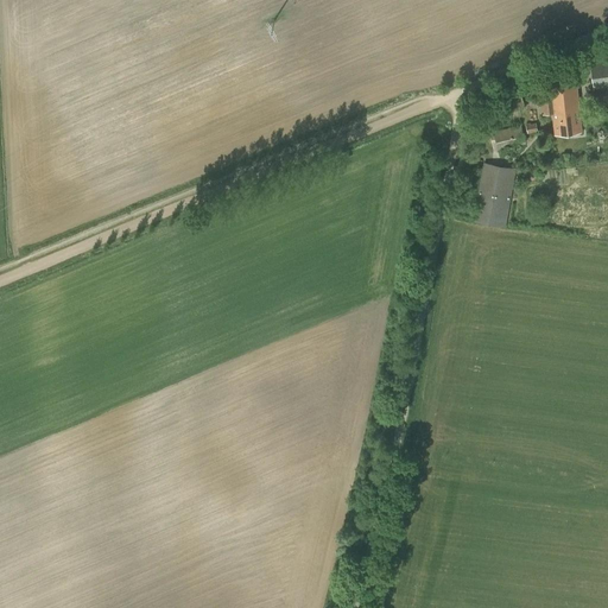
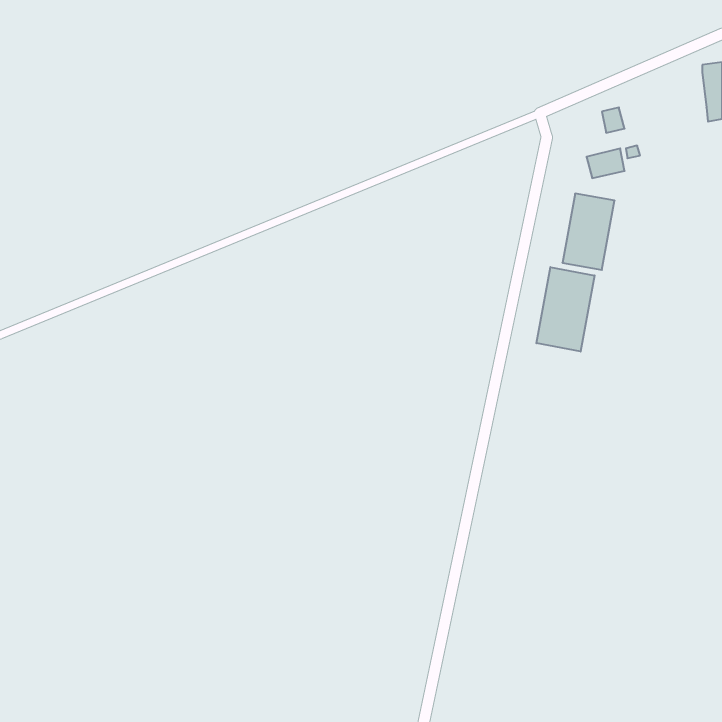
building: [540,80,582,134] -> none
building: none -> [536,267,595,352]

